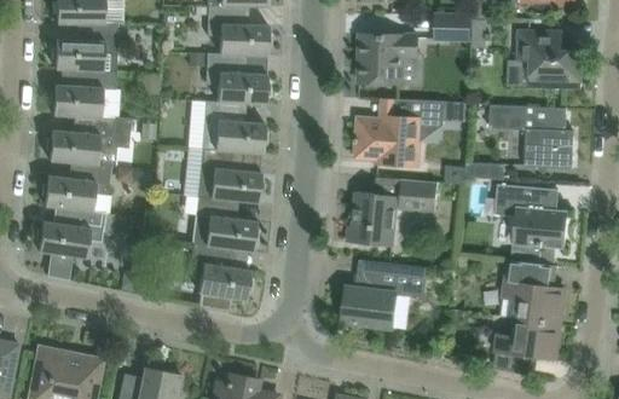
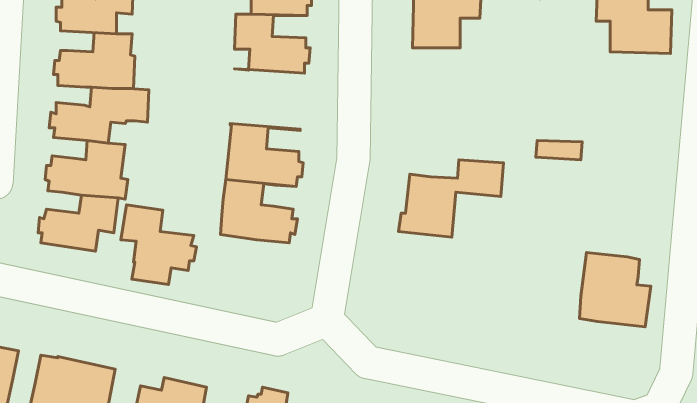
building: [353,98,445,166] -> none
building: [201,100,267,152] -> none
building: [488,104,573,168] -> none
building: [494,184,567,248] -> none
building: [187,243,253,312] -> [121,205,196,285]
building: [341,261,428,328] -> none
building: [493,318,559,376] -> none

